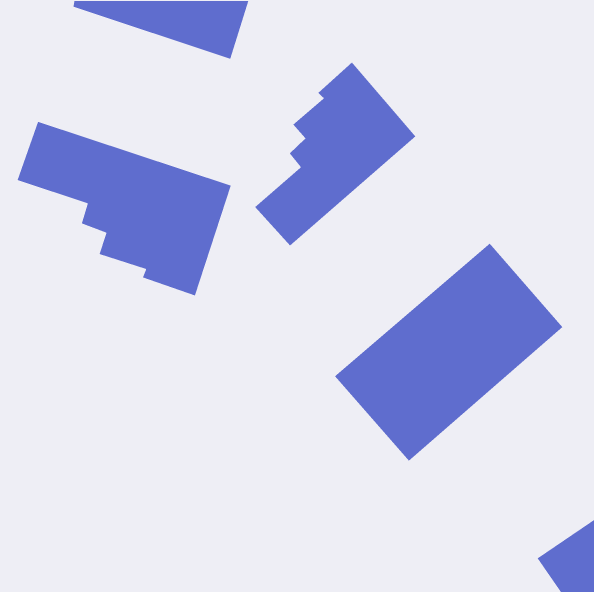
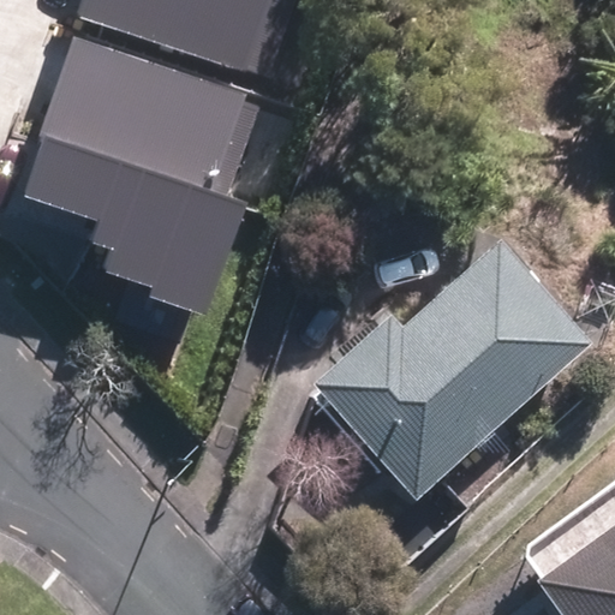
building: none -> [43,37,240,181]
building: [254,62,417,247] -> none

